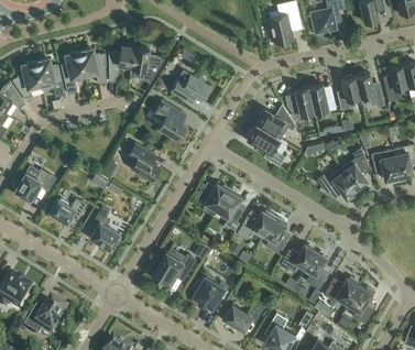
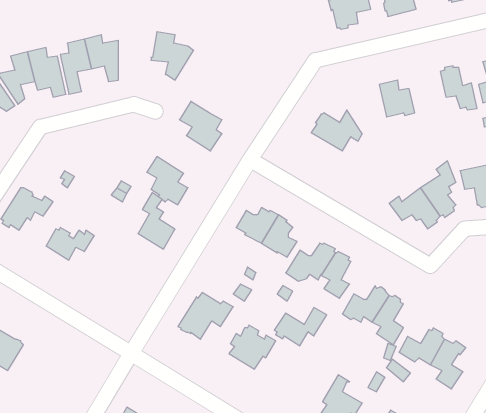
building: [108,43,135,80] -> none
building: [172,70,209,101] -> none
building: [338,74,360,109] -> none
building: [285,85,314,118] -> none
building: [247,123,285,165] -> none
building: [90,205,119,249] -> [138,192,175,249]
building: [24,299,66,333] -> none
building: [223,299,264,329] -> [274,308,327,346]

